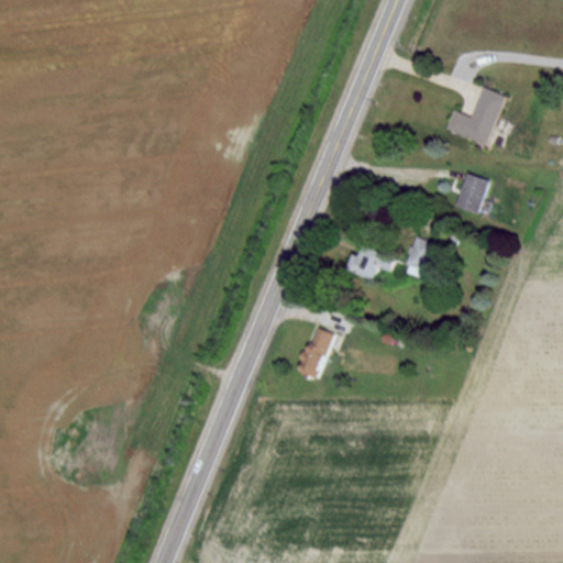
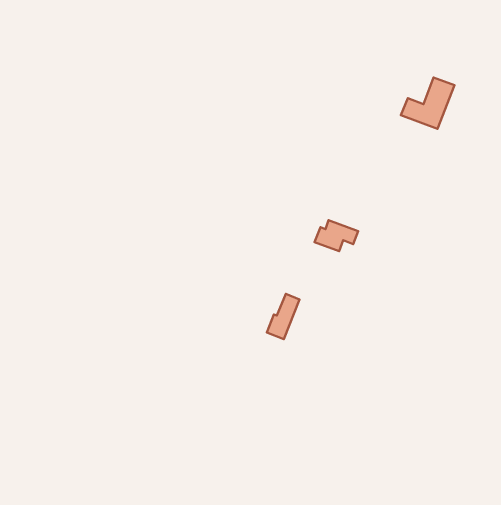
building: [455,174,488,214] -> none
building: [401,238,432,279] -> none

